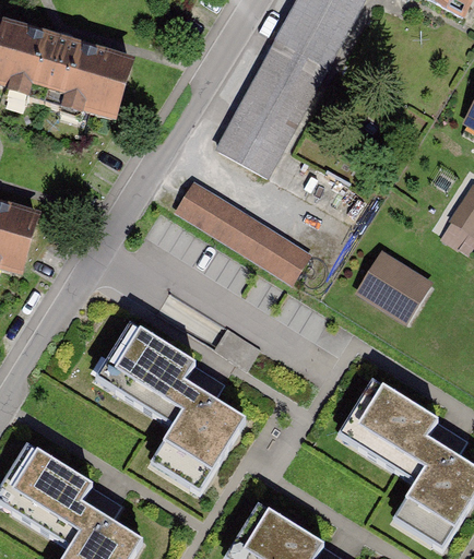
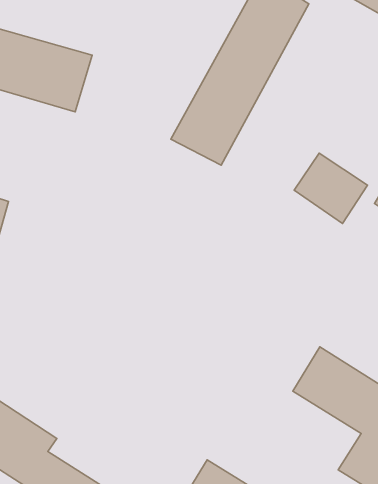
building: [174,182,312,287] -> none
building: [352,243,431,320] -> [294,153,368,224]
building: [102,322,239,479] -> none

